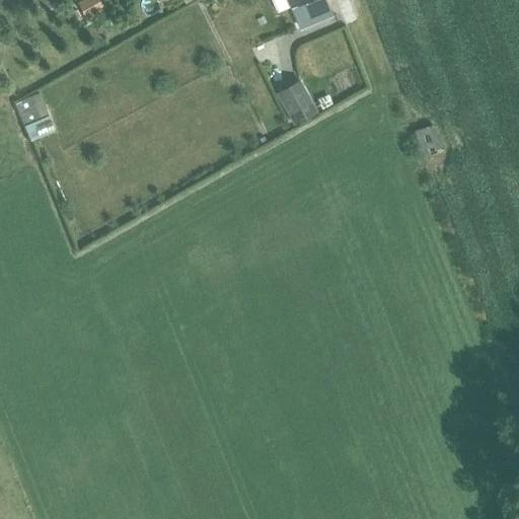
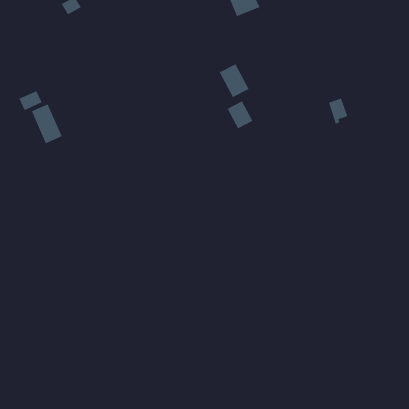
building: none -> [227,100,253,129]
building: none -> [31,103,62,144]

